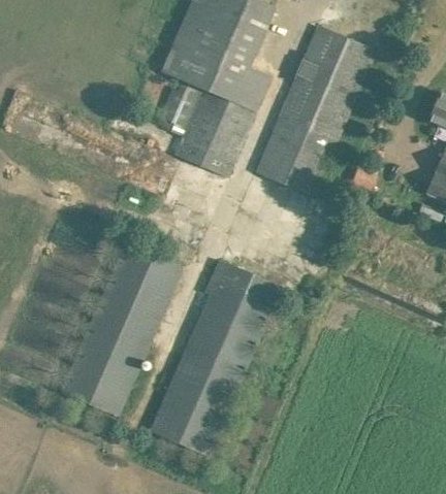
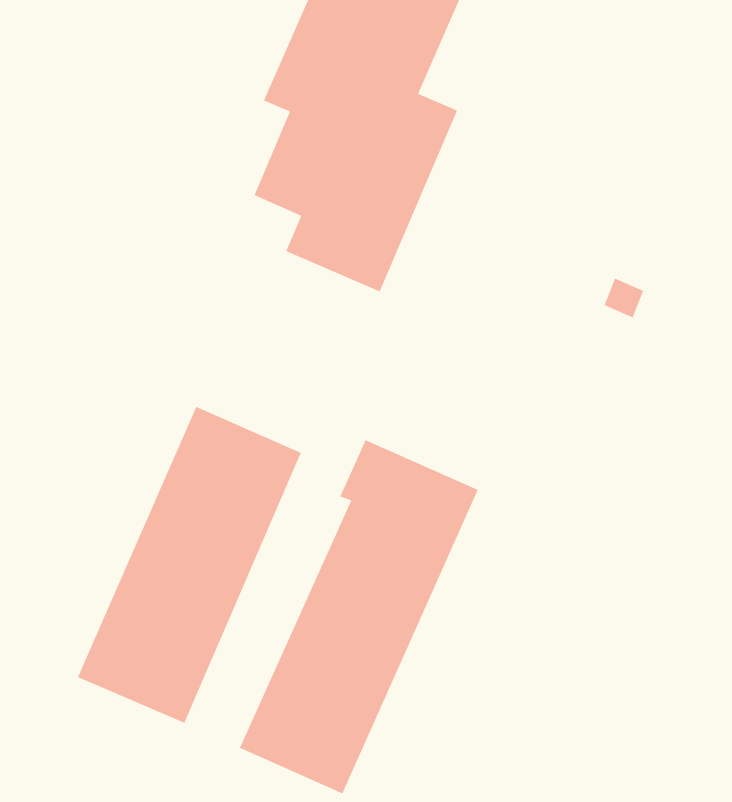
building: [255,27,376,195] -> none

